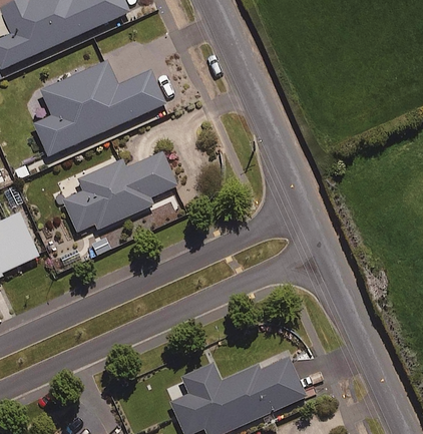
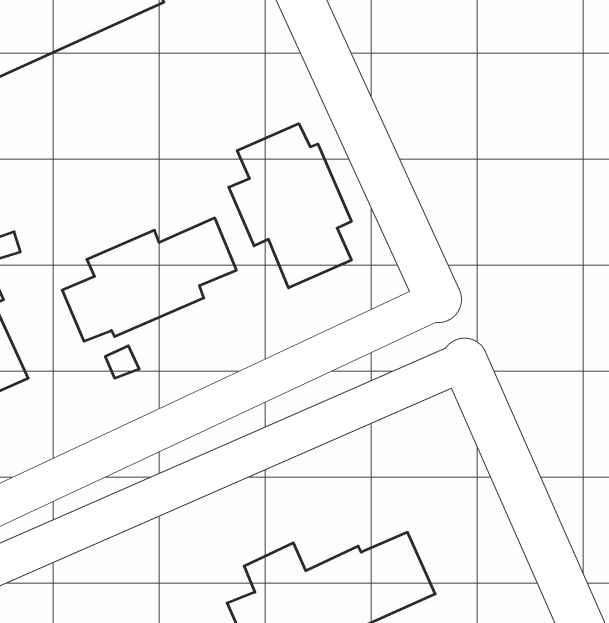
building: [33,60,164,156] -> none
building: none -> [229,124,351,288]

